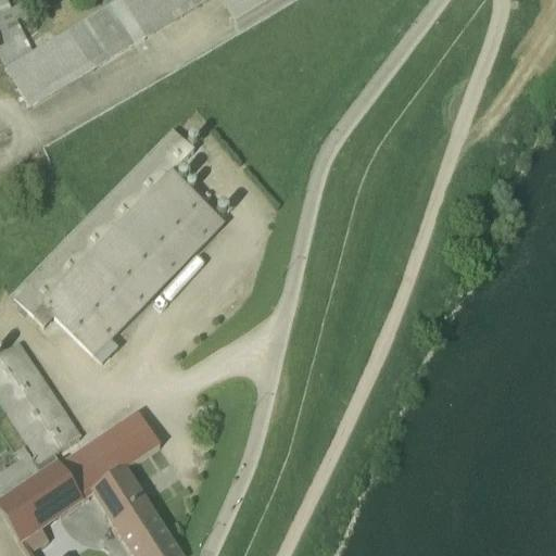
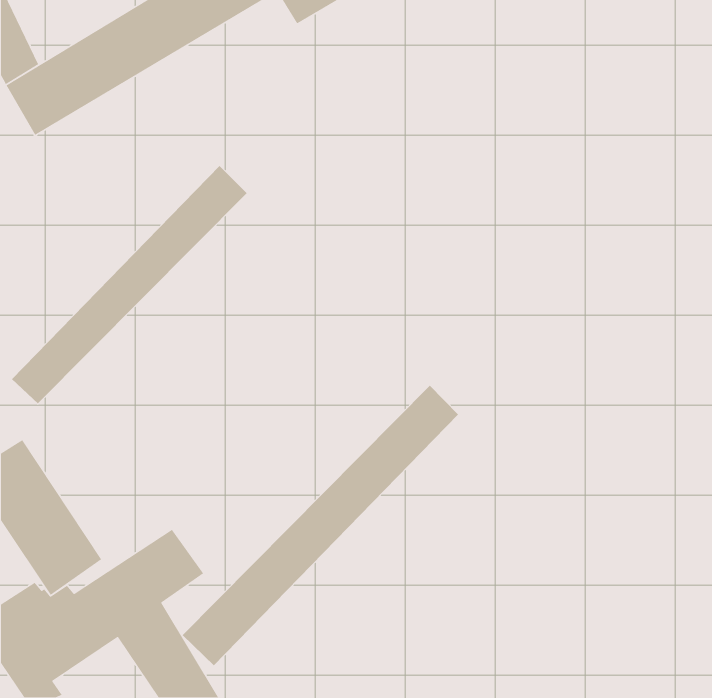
building: [41,172,225,364] -> none
building: none -> [182,385,459,666]

